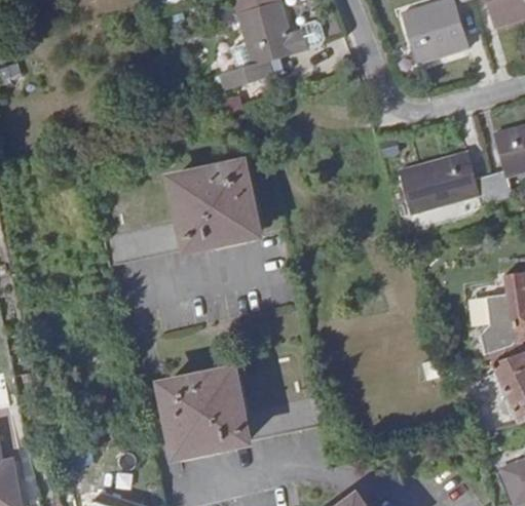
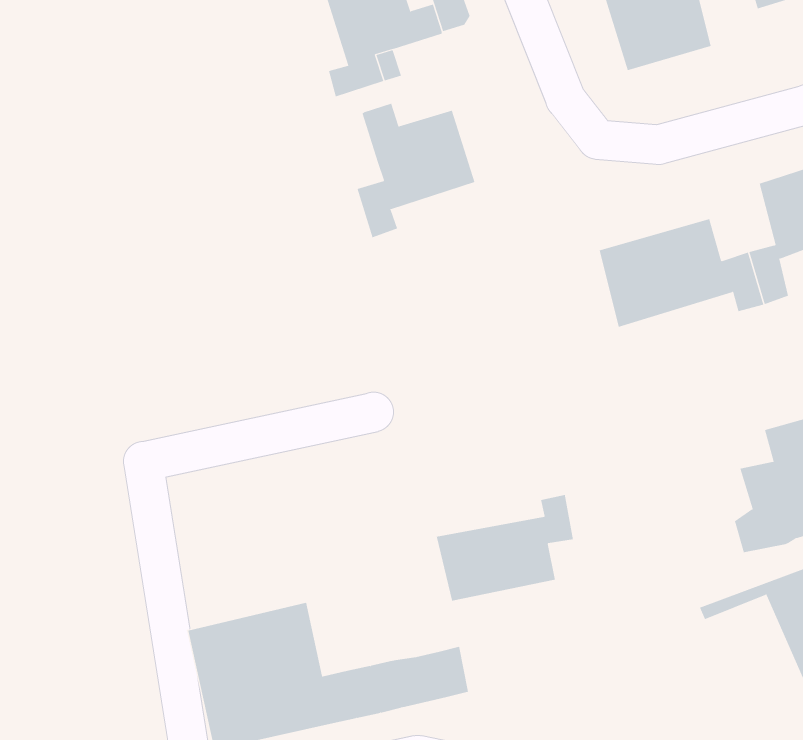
building: none -> [357,103,475,238]
building: [107,162,261,268] -> none
building: none -> [436,494,574,601]

